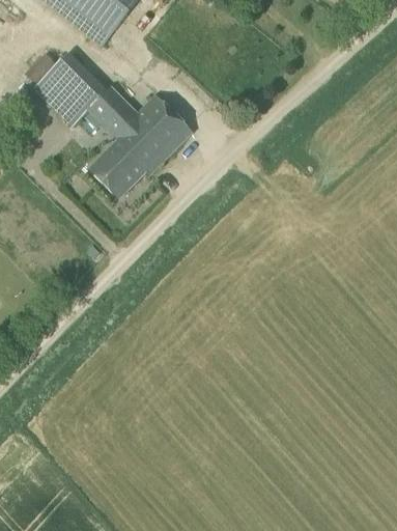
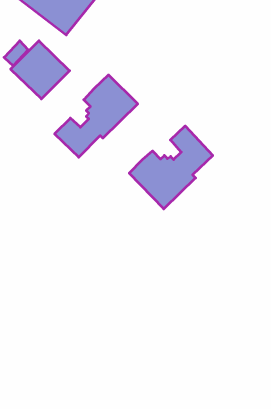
building: [88,87,137,161] -> none
building: none -> [129,126,213,209]

